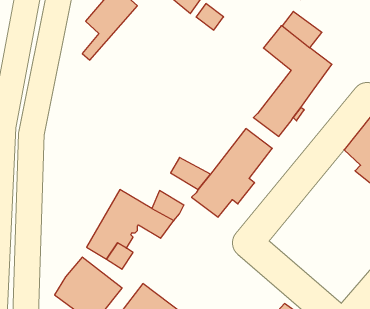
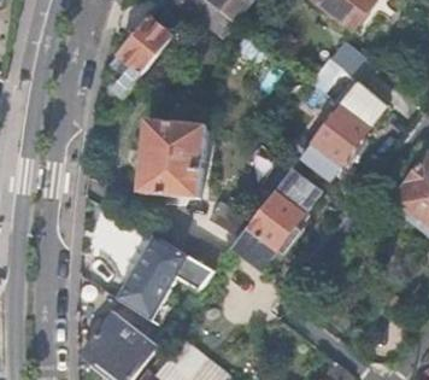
building: none -> [129,116,196,193]

